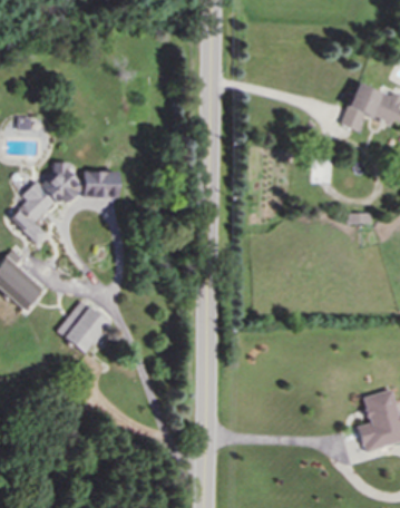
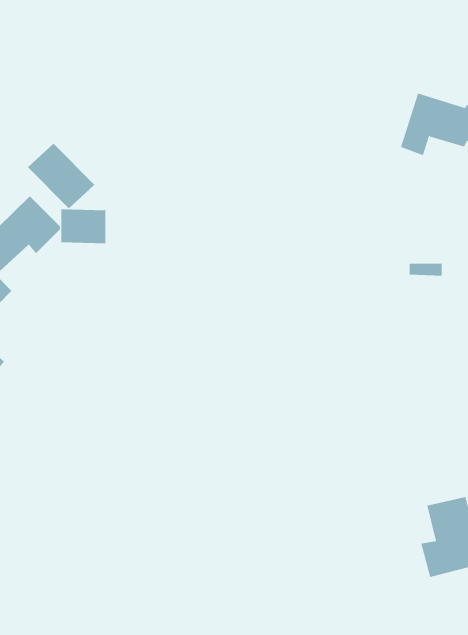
building: none -> [27,143,95,209]
building: [58,299,110,352] -> none

